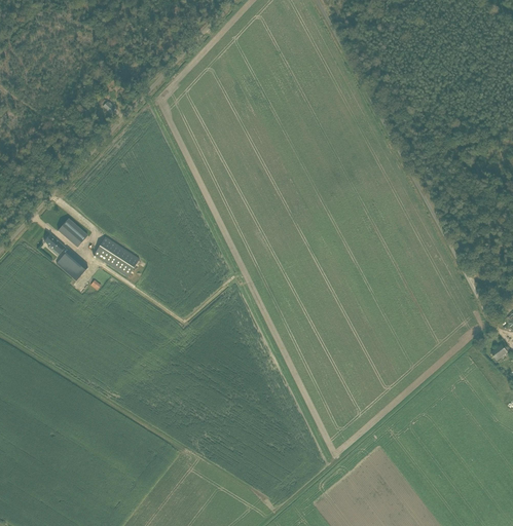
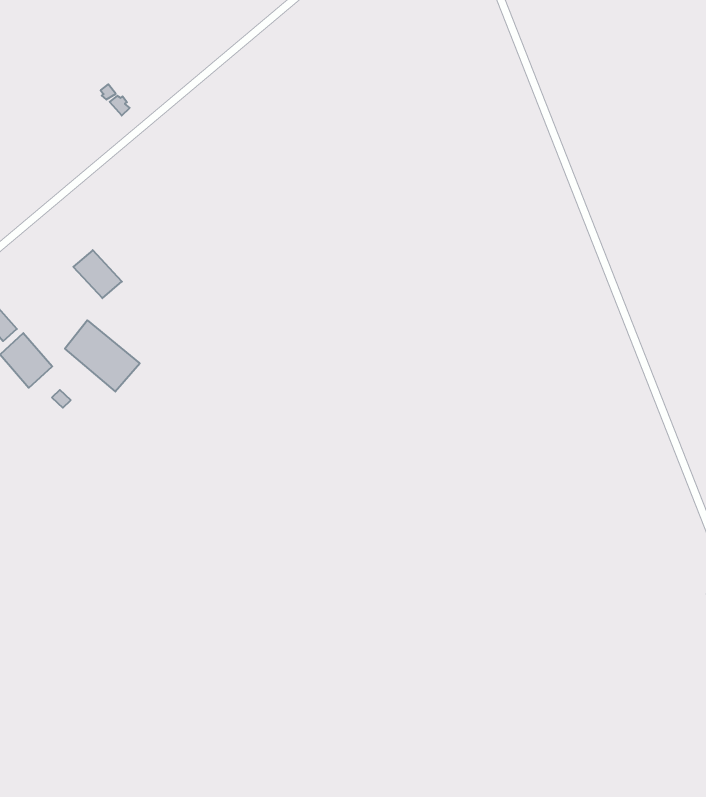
building: [59,218,88,246] -> [73,250,122,298]

